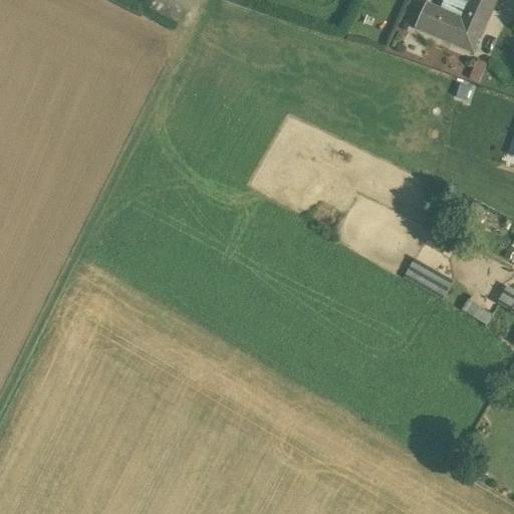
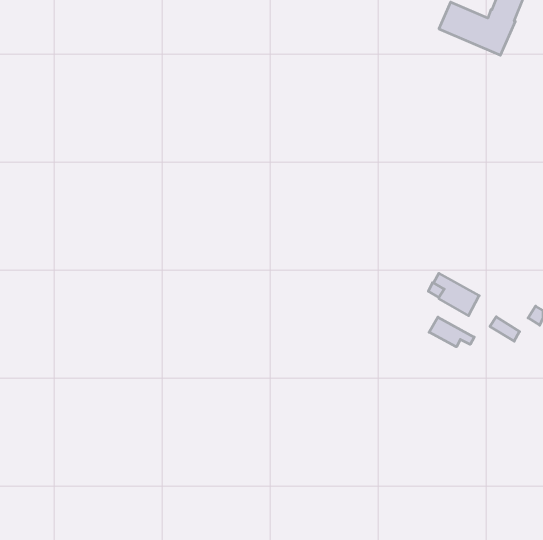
building: none -> [429,317,474,347]

